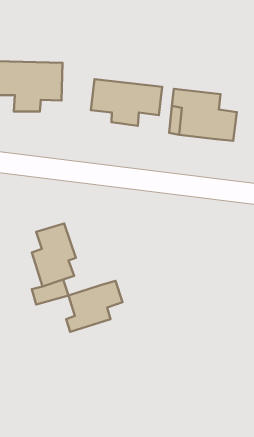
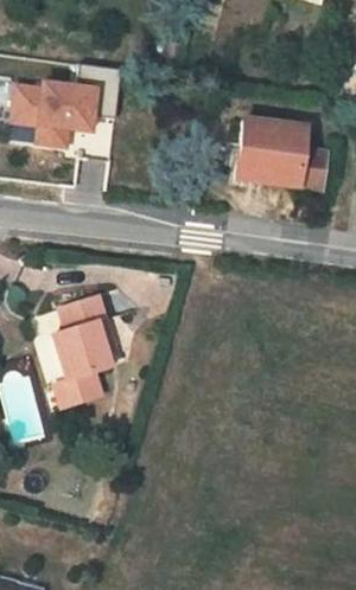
building: [91,79,162,126] -> none
building: [66,281,123,332] -> none

